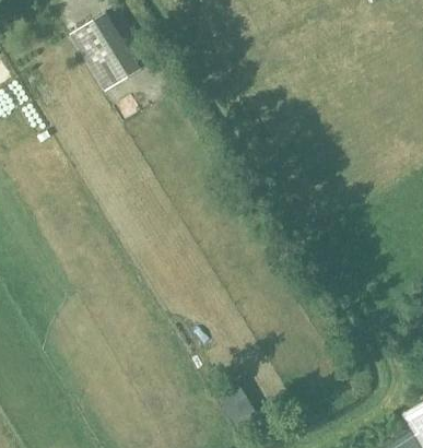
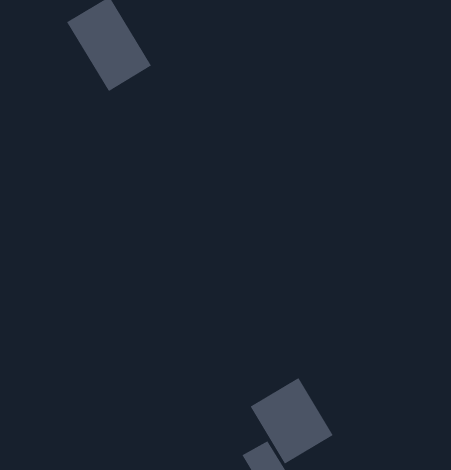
building: none -> [250,377,333,464]

